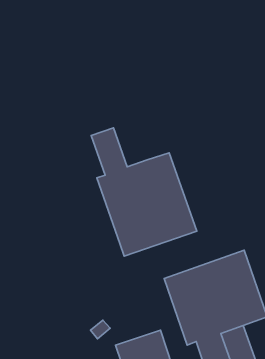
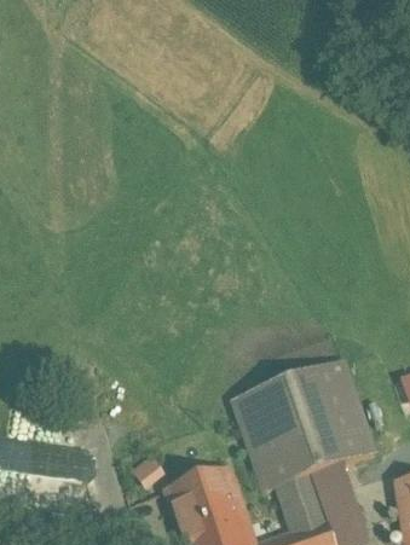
building: [91,128,197,256] -> none

